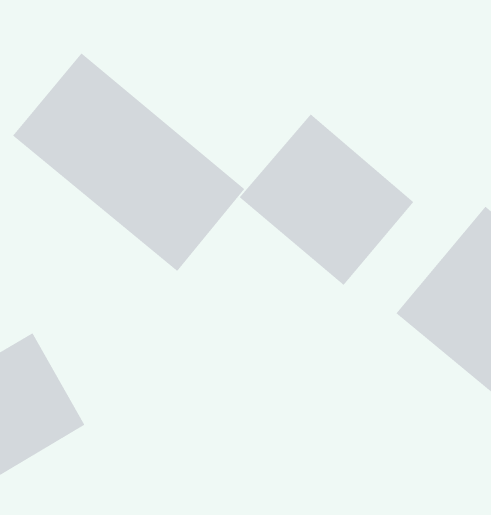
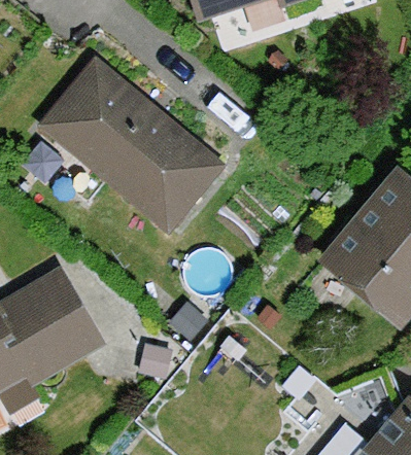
building: [239,113,414,286] -> none

